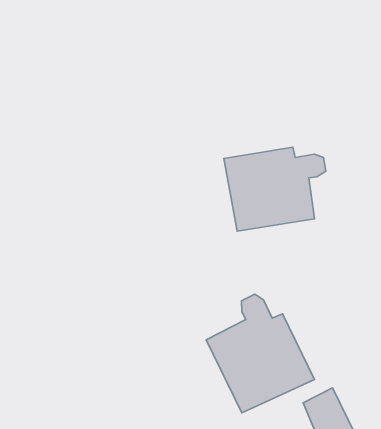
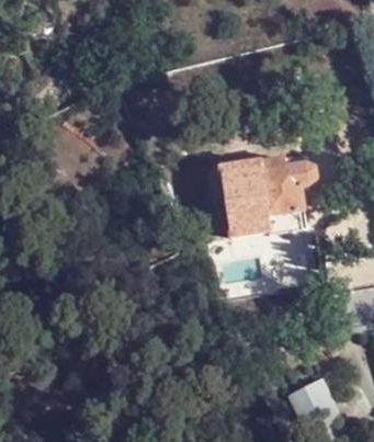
building: [206,294,315,413] -> none

